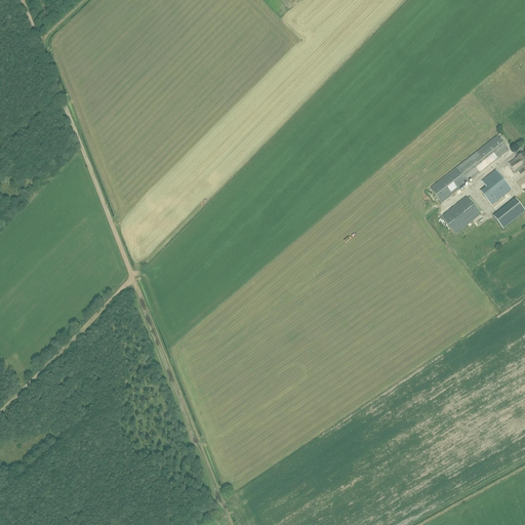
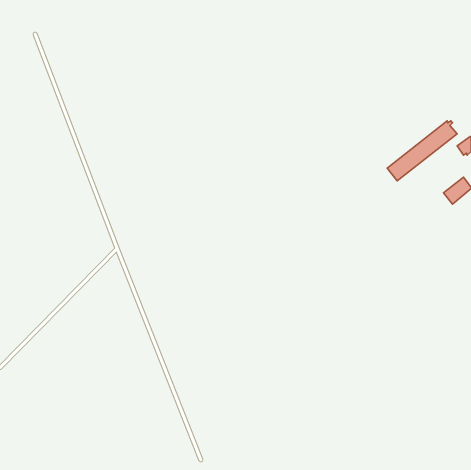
building: [481,168,512,203] -> none
building: [441,195,480,233] -> none

